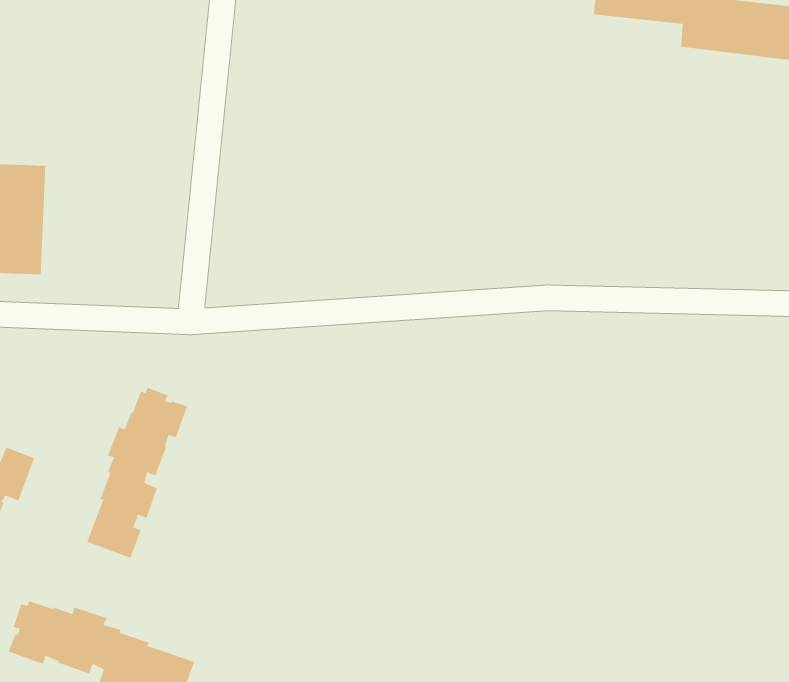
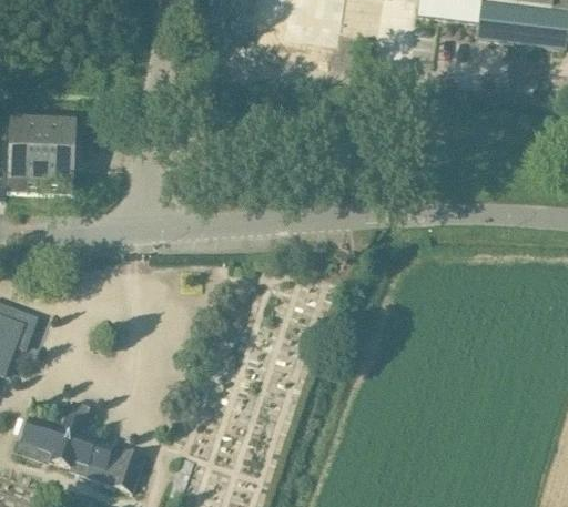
building: none -> [38,115,74,193]
building: [86,387,188,559] -> none

